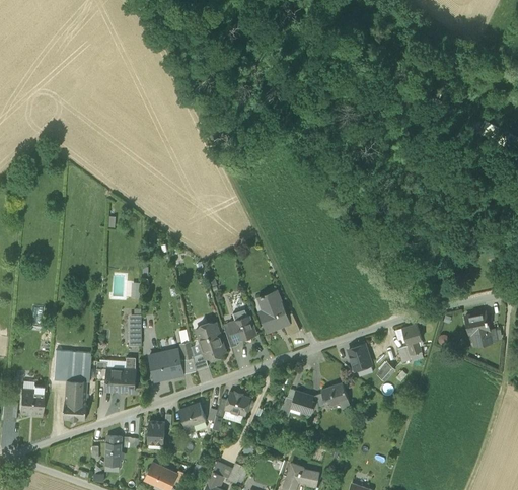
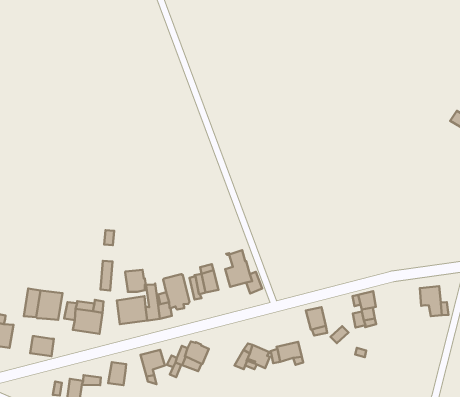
building: none -> [125,270,146,292]
building: [66,380,86,401] -> none

